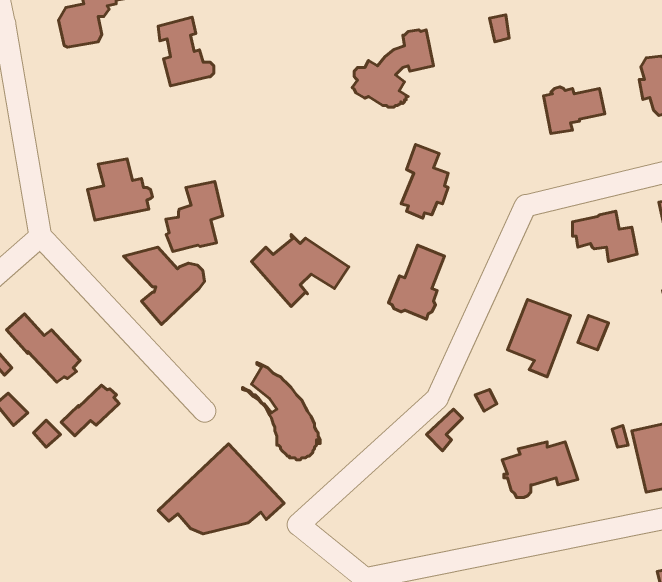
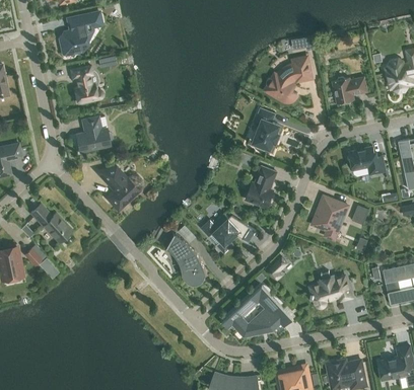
building: [158,17,214,86] -> [71,65,102,103]
building: [352,30,433,107] -> [266,57,312,100]
building: [166,182,223,251] -> none
building: [252,235,349,307] -> [202,212,257,252]
building: [61,385,119,436] -> none
building: [158,444,284,534] -> [222,285,293,335]

